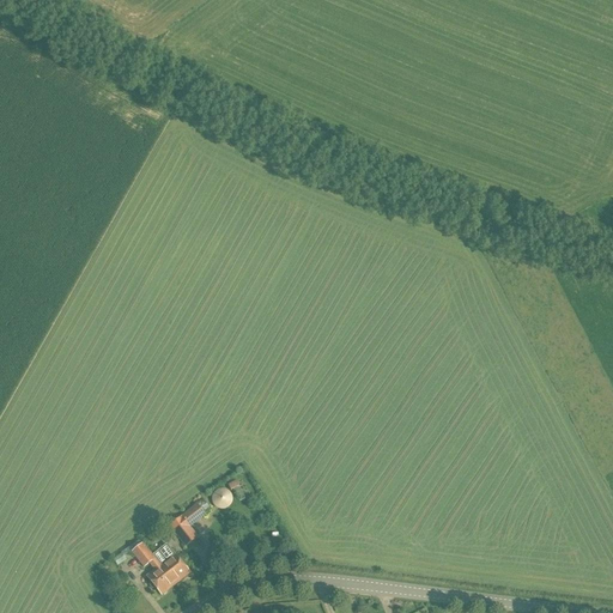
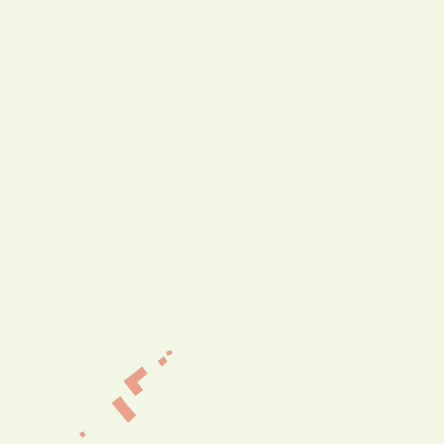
building: [131,542,176,594] -> none

